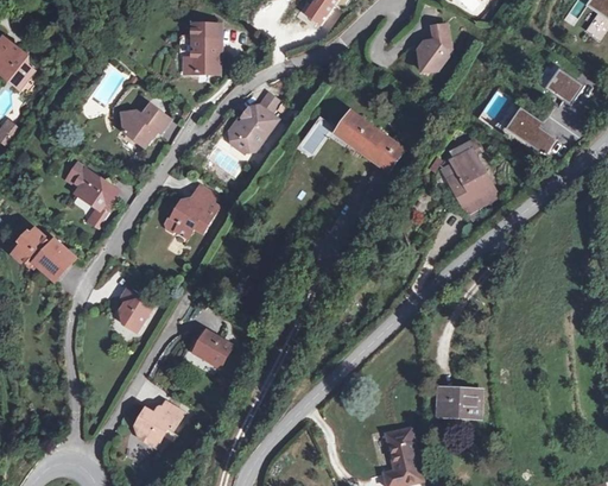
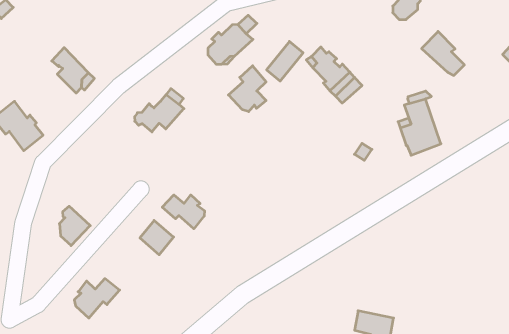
building: [121,103,169,145] -> none
building: [506,107,555,151] -> [422,31,464,75]
building: none -> [228,66,266,112]
building: [119,289,152,330] -> [59,206,90,246]
building: none -> [162,195,204,229]

